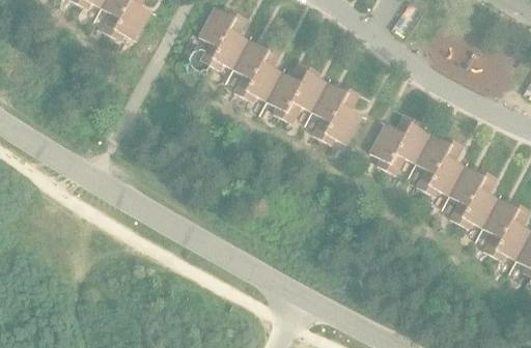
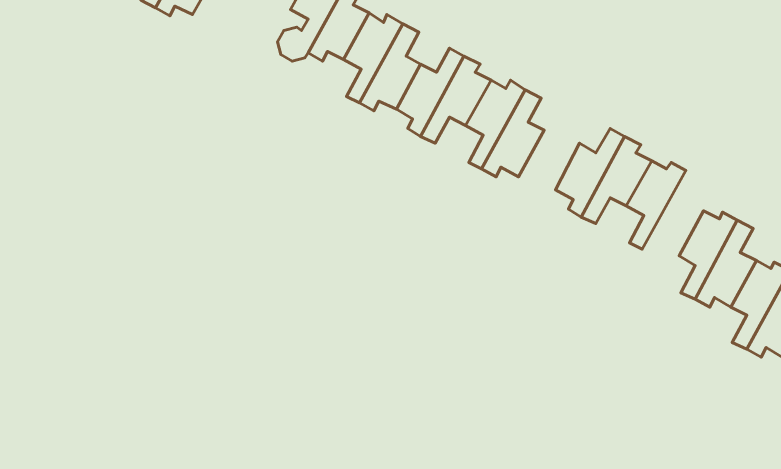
building: [424,140,464,196] -> none

